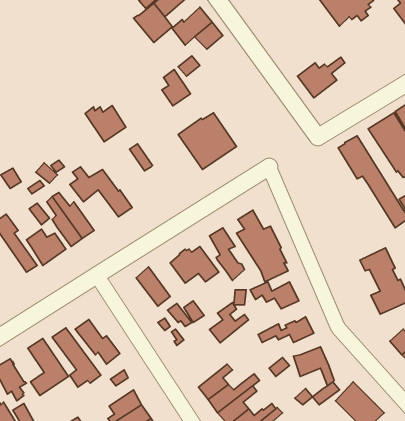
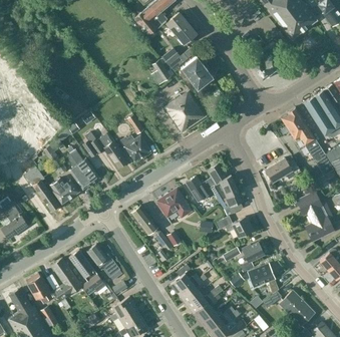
building: none -> [181,57,213,89]
building: [85,105,126,142] -> [120,135,150,162]
building: none -> [265,156,301,183]
building: [209,302,249,343] -> [169,265,199,295]

